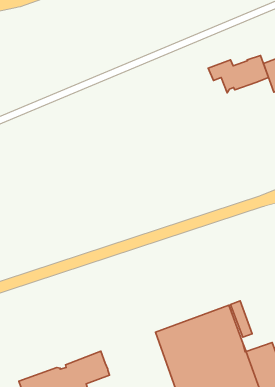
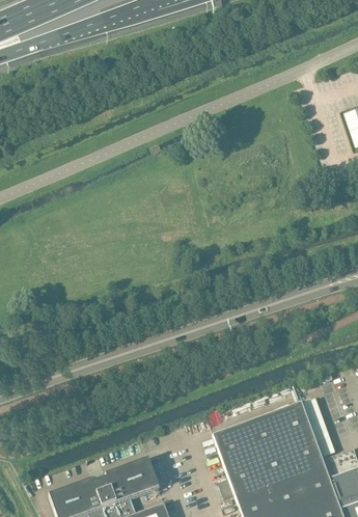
building: [208,55,269,93] -> none

